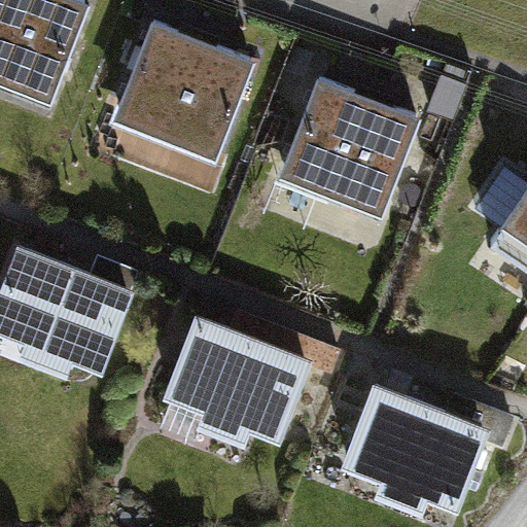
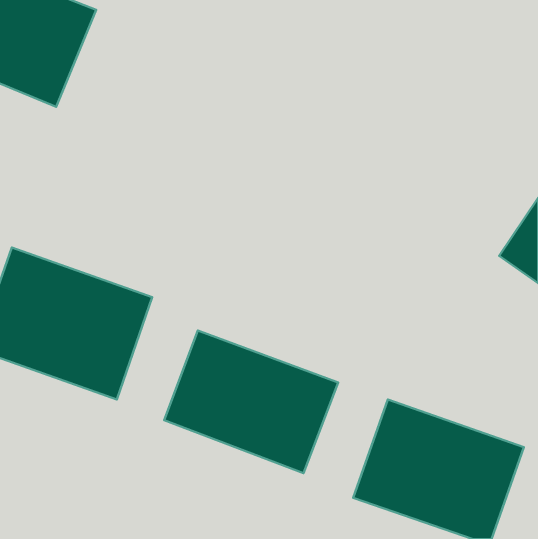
building: [104,27,247,163] -> none
building: [277,86,420,222] -> none

